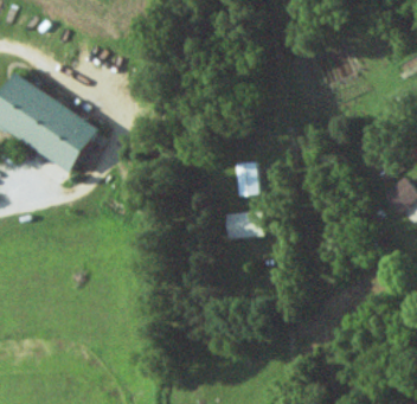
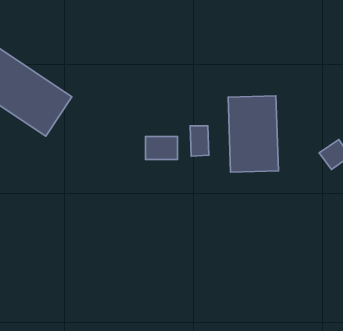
building: none -> [228,96,278,172]
building: [225,212,262,238] -> [145,137,178,160]

